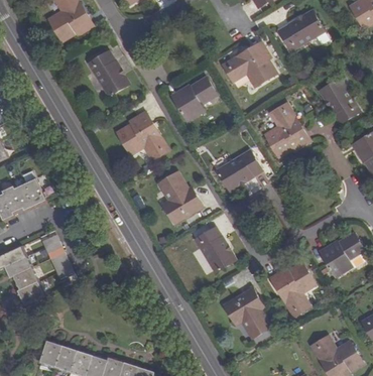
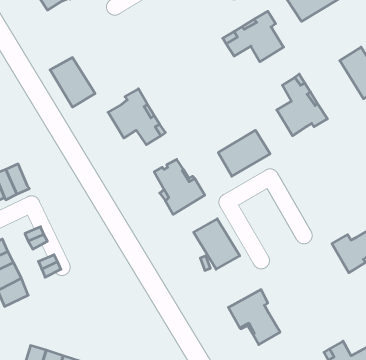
building: [89,50,129,95] -> [50,58,95,107]
building: [171,76,217,120] -> none
building: [269,262,315,315] -> none

